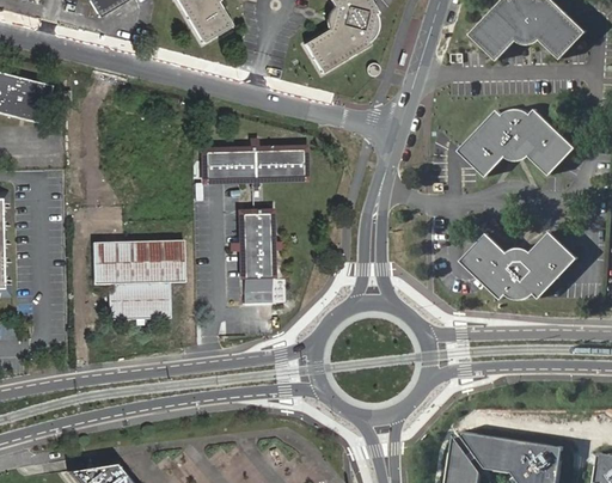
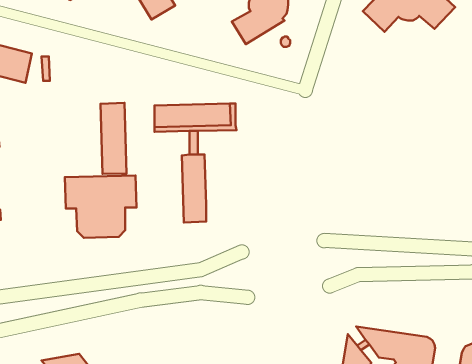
building: [458,108,575,176] -> none
building: none -> [101,103,127,174]
building: [460,232,576,299] -> none

